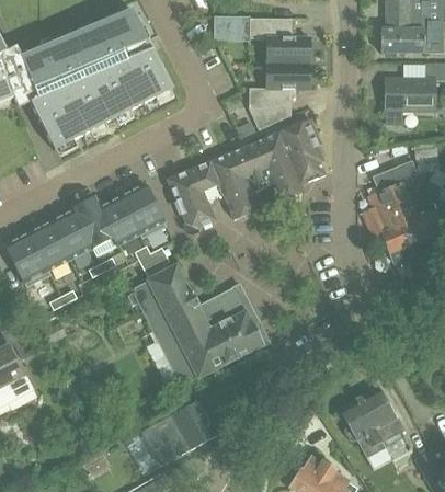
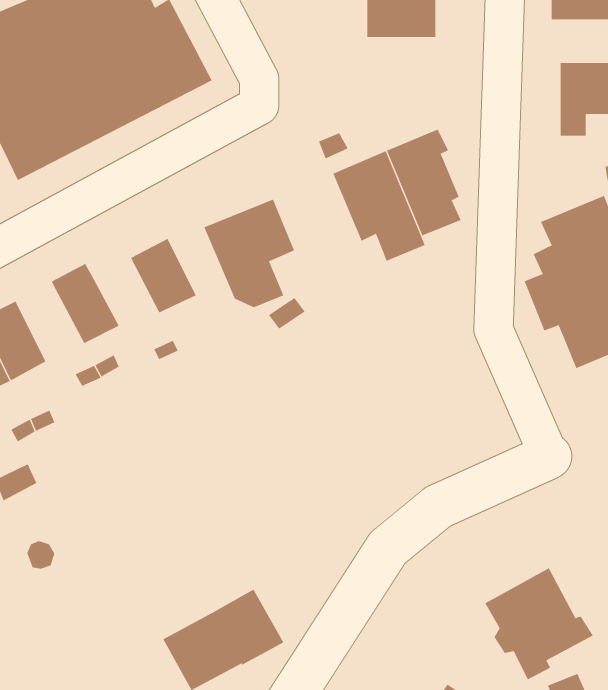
building: [249,62,309,129] -> none
building: [209,146,263,218] -> none
building: [99,197,139,243] -> none
building: [52,213,93,261] -> none
building: [128,265,264,381] -> none

